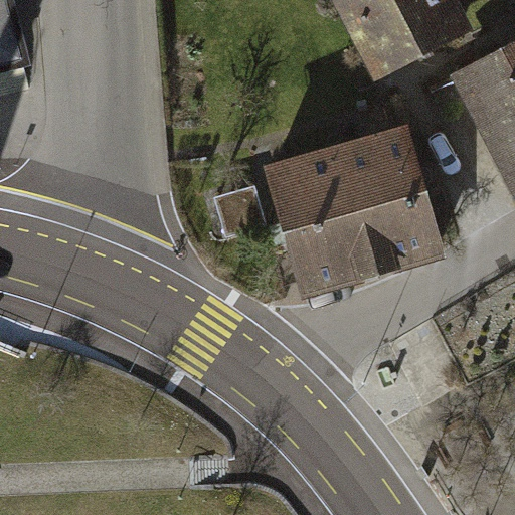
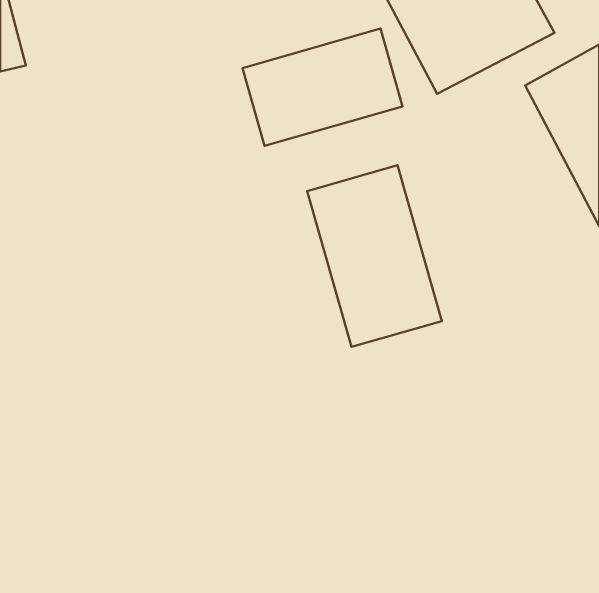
building: none -> [242,29,403,146]
building: [341,123,447,276] -> none

